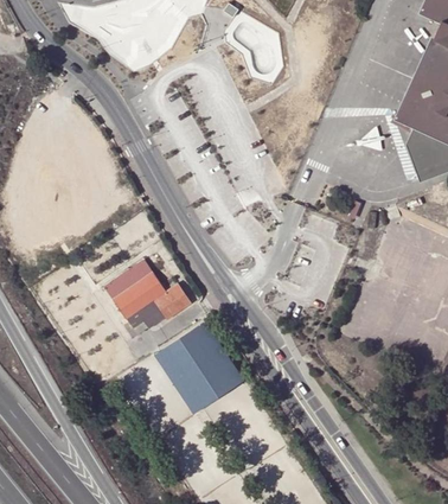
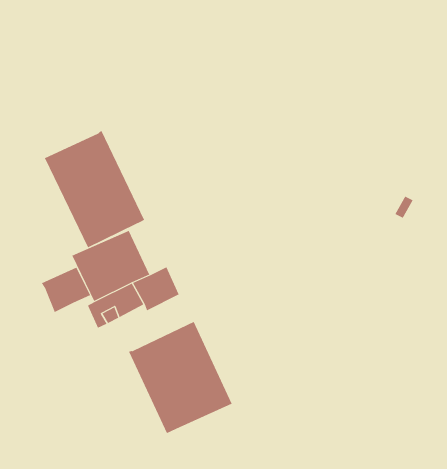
building: none -> [44,130,145,248]
building: none -> [41,267,91,313]

